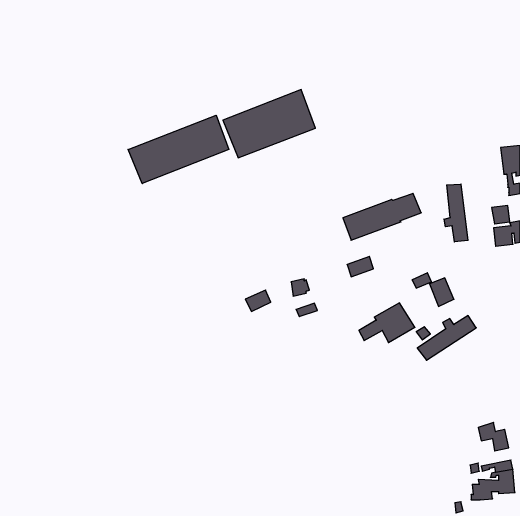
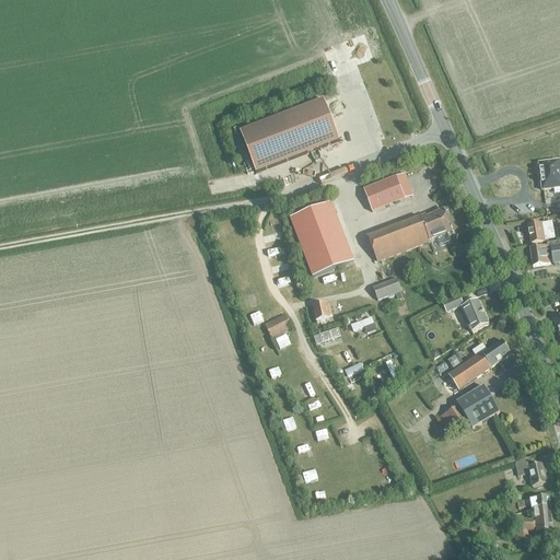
building: [128,115,229,184] -> none
building: none -> [364,170,412,207]
building: [444,184,468,242] -> none
building: none -> [290,199,353,273]
building: [359,303,415,343] -> [440,384,500,427]

